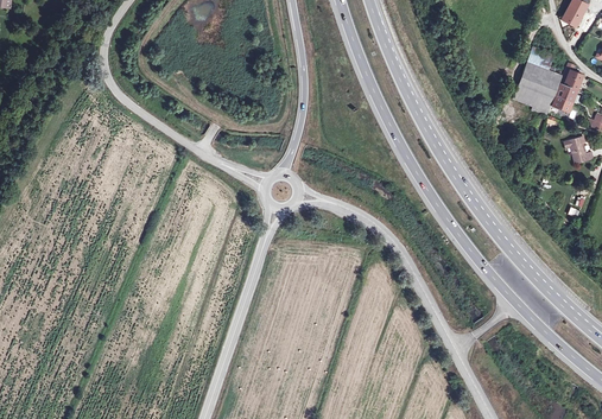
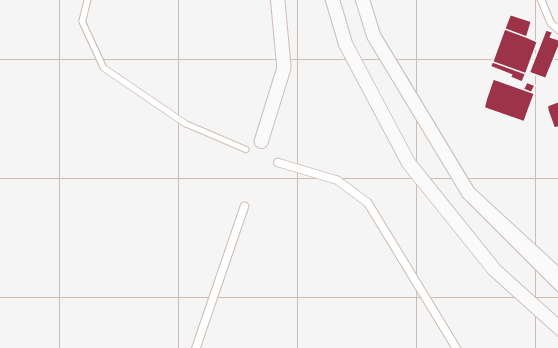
building: none -> [484,79,534,122]

